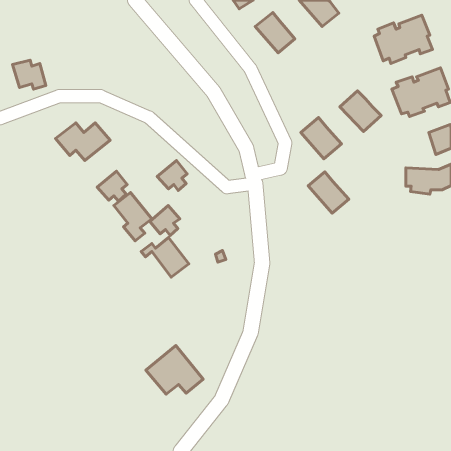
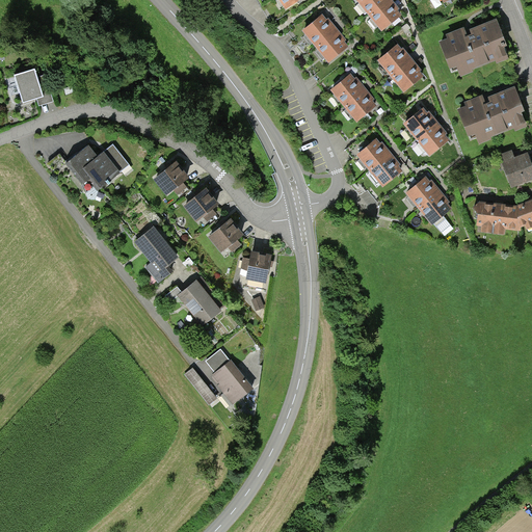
building: none -> [375,44,422,92]
building: none -> [328,74,376,123]
building: [97,171,127,201] -> [154,161,189,196]
building: [308,172,349,213] -> [404,177,452,225]
building: [150,206,180,236] -> [209,219,244,255]
building: none -> [243,249,272,280]
building: [146,346,203,394] -> [186,344,254,401]

